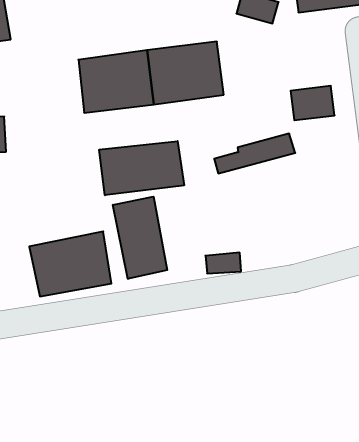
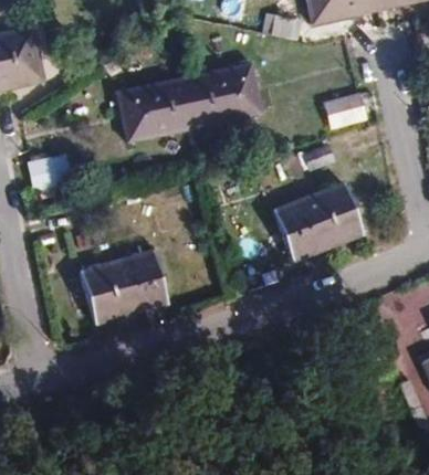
building: [99,141,184,195] -> none
building: none -> [285,186,362,257]
building: [113,197,167,279] -> none

